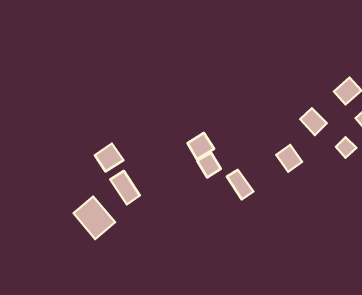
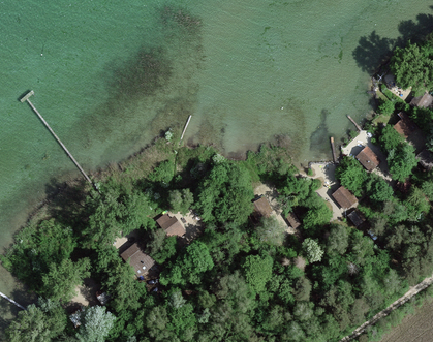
building: [188,133,214,159] -> none
building: [95,144,123,171] -> none

